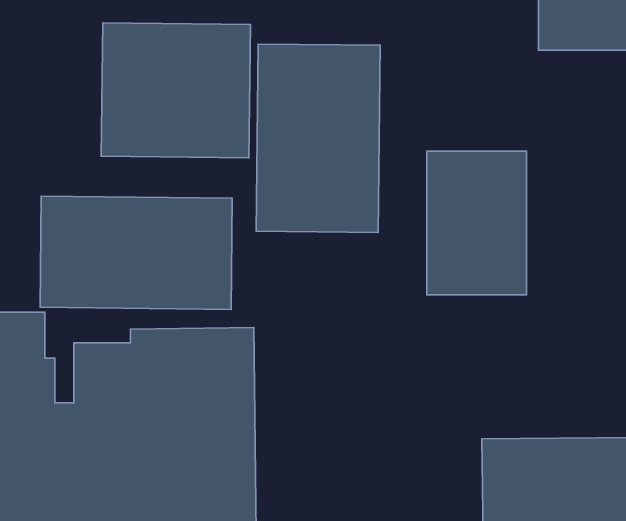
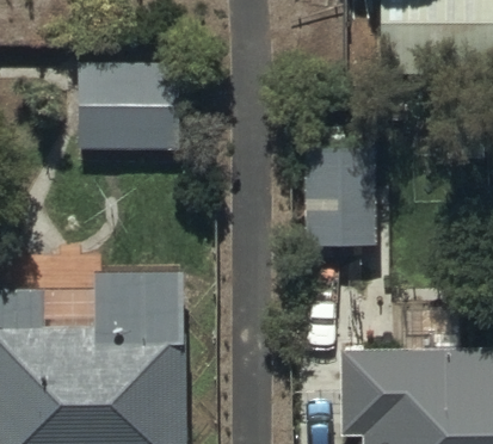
building: [256,44,380,233] -> none
building: [40,196,232,310] -> none

